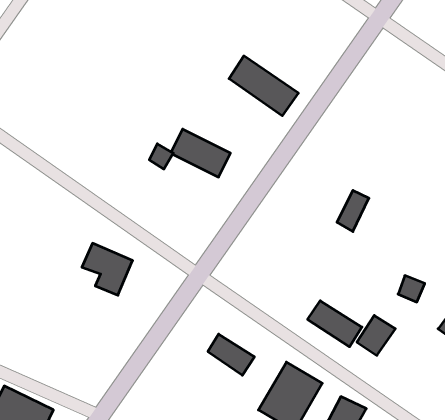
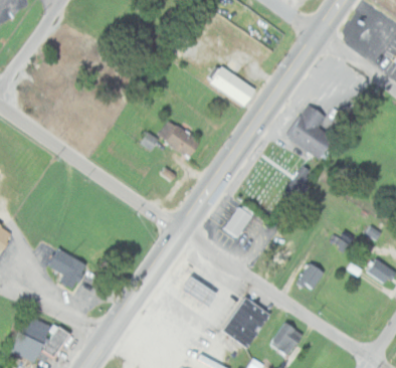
building: none -> [279,109,324,156]
building: none -> [225,206,253,237]
building: [82,243,133,295] -> [49,249,87,289]
building: [308,301,362,347] -> none

